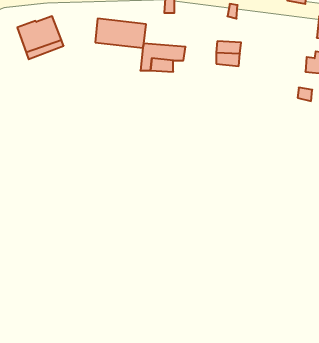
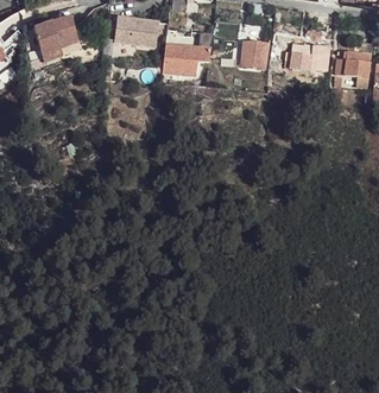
building: none -> [289,46,329,75]

